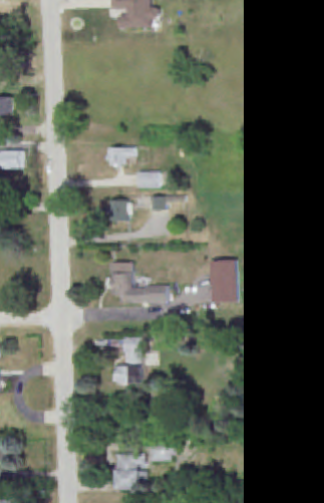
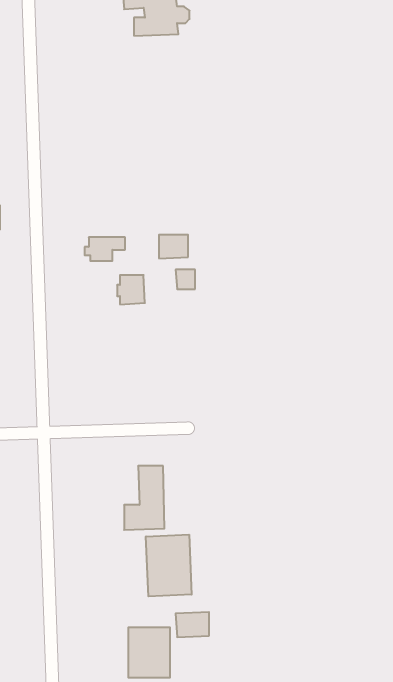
building: [105,147,134,164] -> [85,237,125,261]
building: [110,263,166,303] -> none
building: none -> [146,535,192,596]

